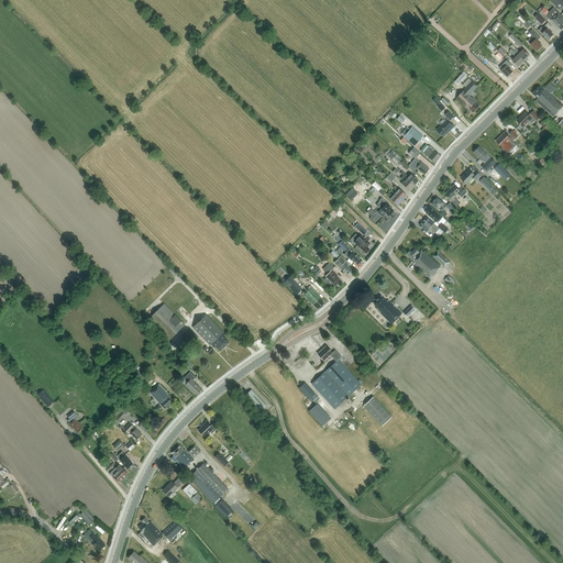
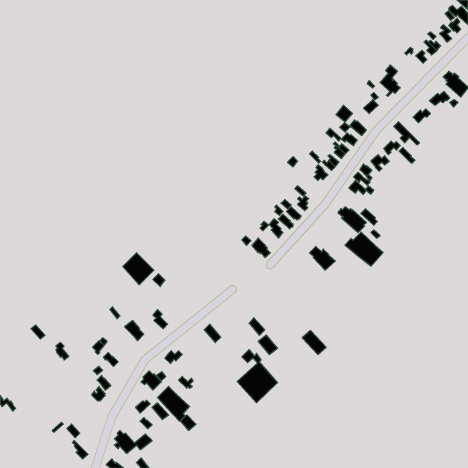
building: none -> [345,232,383,266]
building: [192,314,229,351] -> none
building: [311,345,360,409] -> [237,350,278,403]

